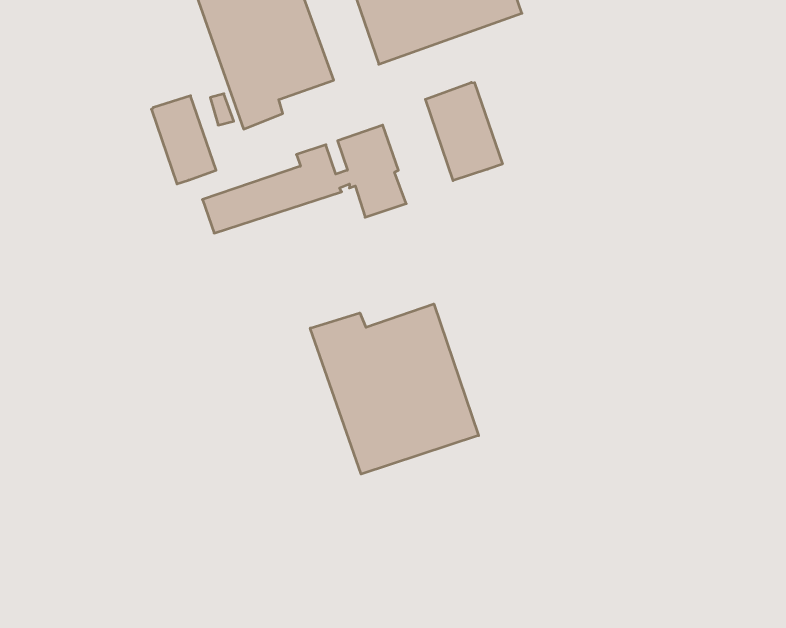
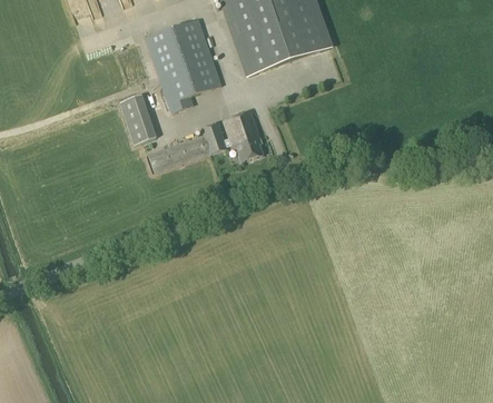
building: [425,82,502,181] -> none
building: [310,304,479,474] -> none

